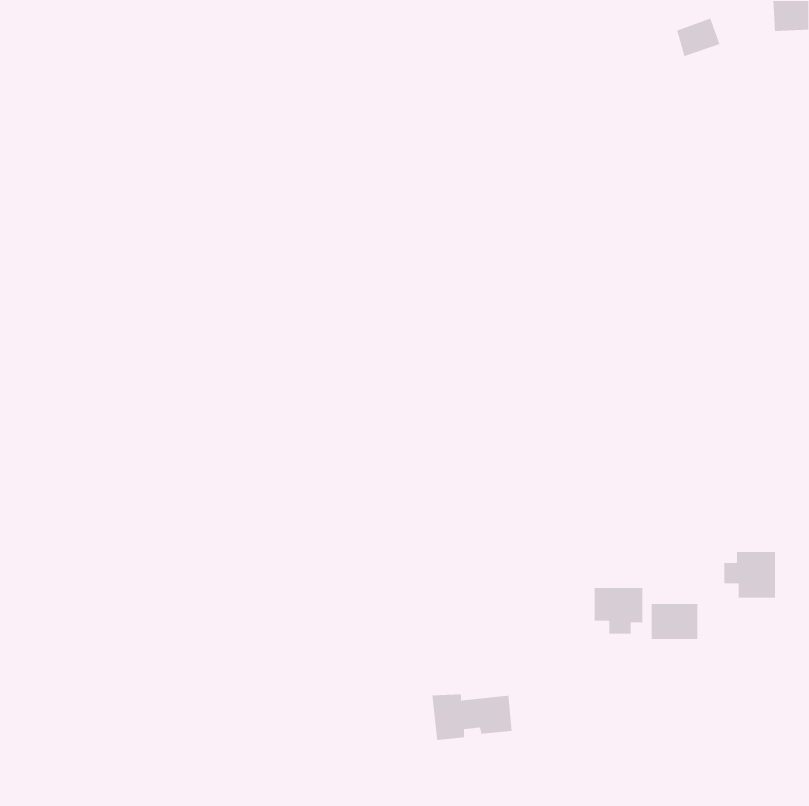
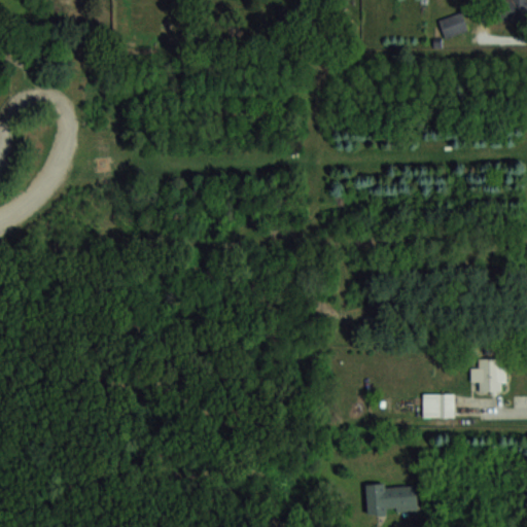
building: [594,587,643,635] -> none
building: [432,693,512,741] -> [364,484,417,515]

